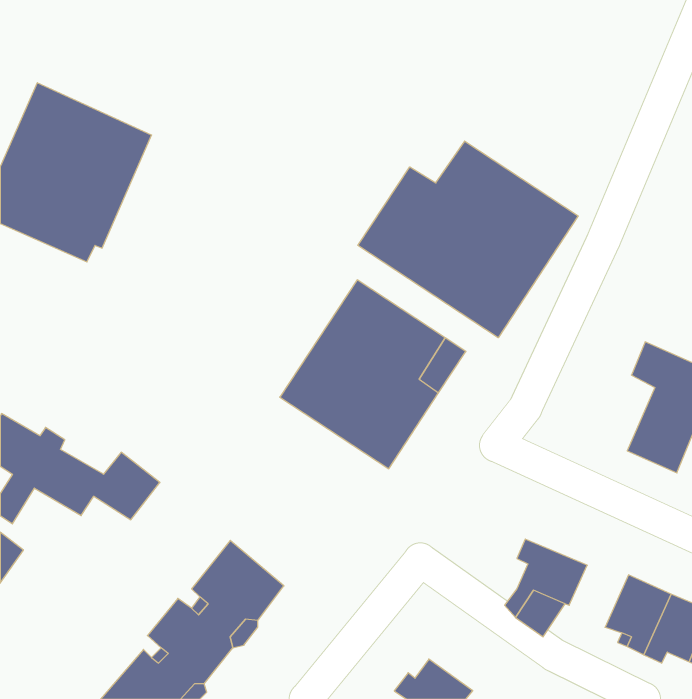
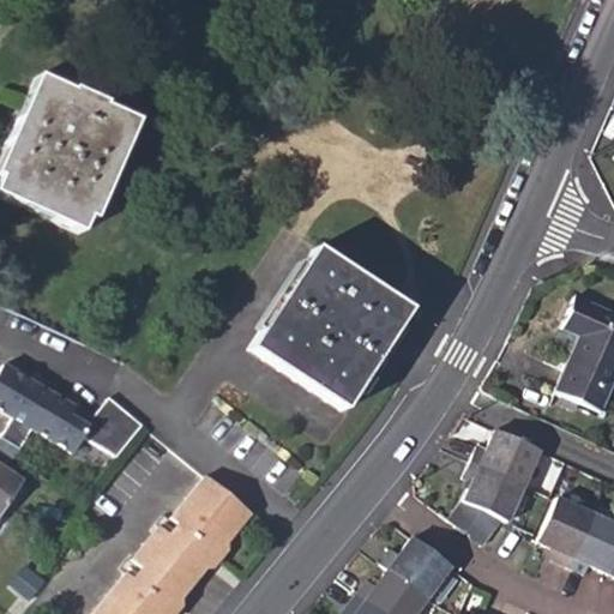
building: [358,141,578,338] -> none
building: none -> [468,433,538,492]
building: none -> [377,540,445,601]

